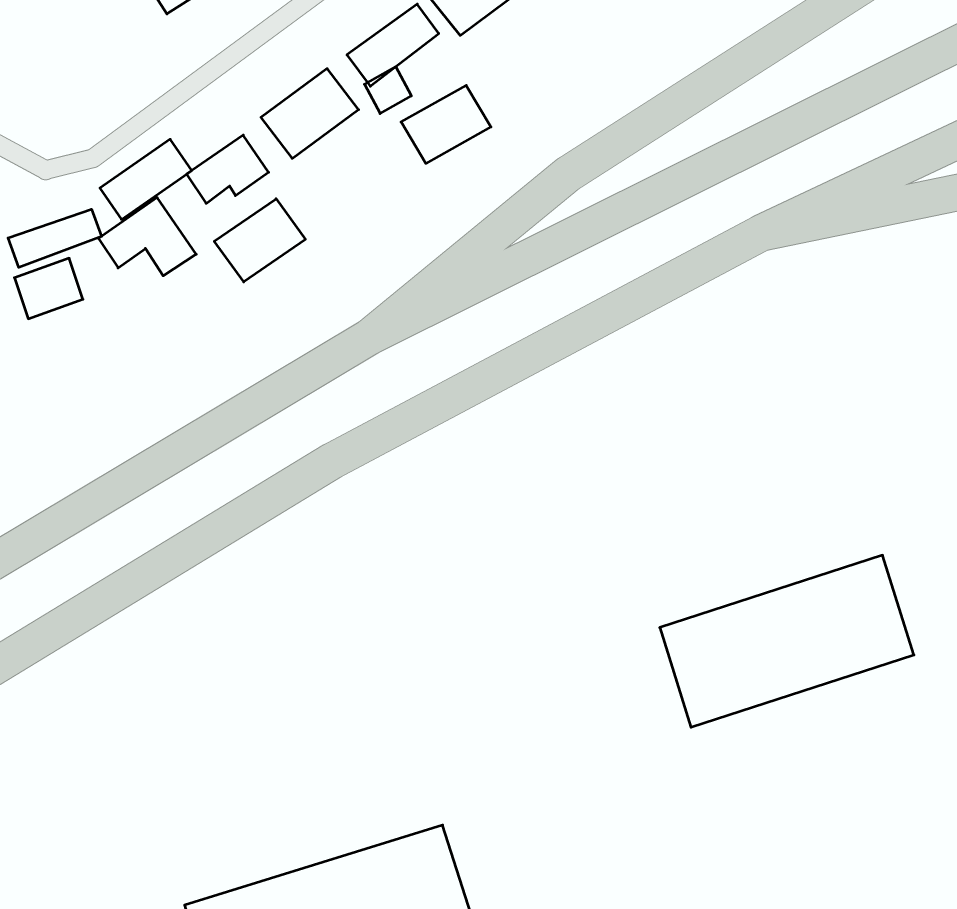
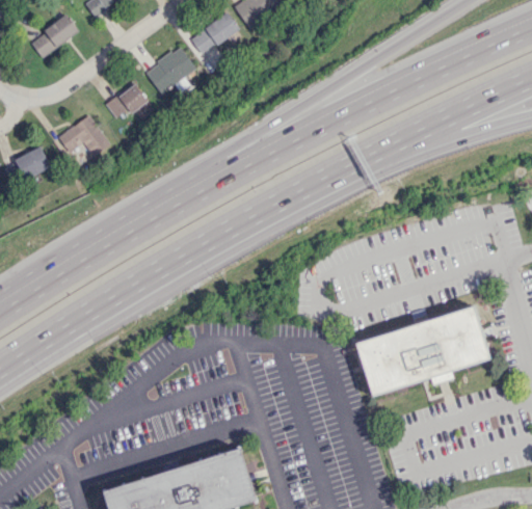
building: [401,85,491,163] -> none
building: [100,139,192,219] -> [30,15,79,57]
building: [214,199,305,282] -> none
building: [8,209,102,267] -> none

